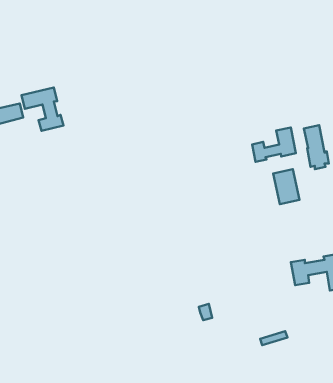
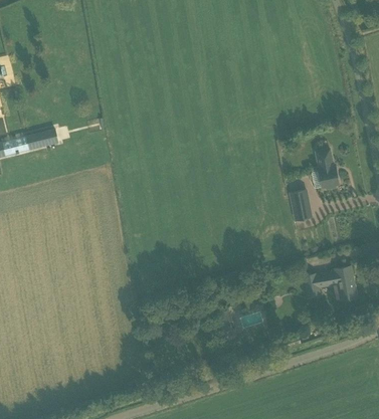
building: [21,87,63,131] -> none
building: [252,128,296,162] -> none

